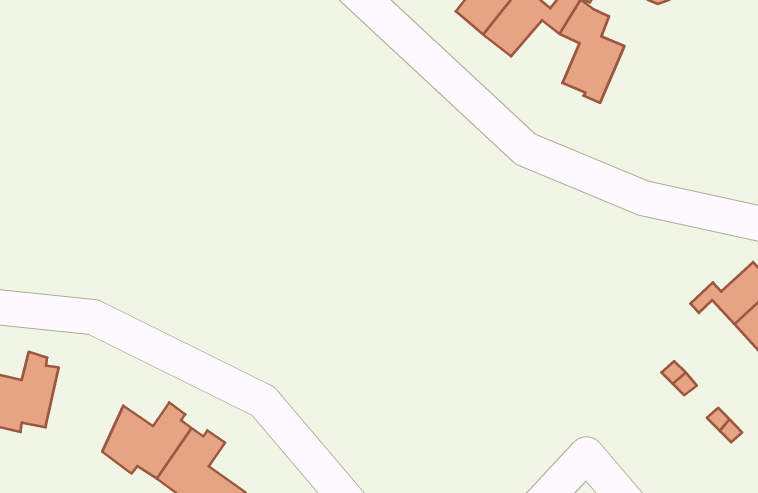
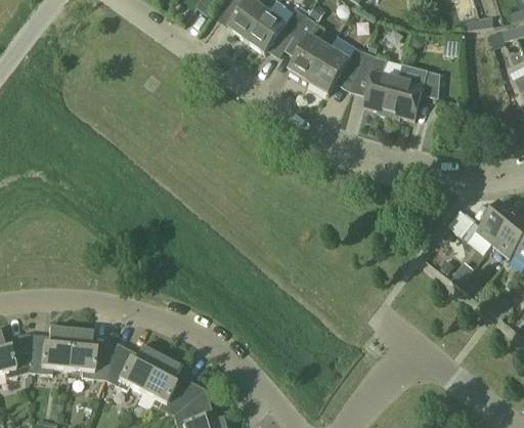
building: none -> [388,69,440,118]
building: none -> [67,325,114,378]

